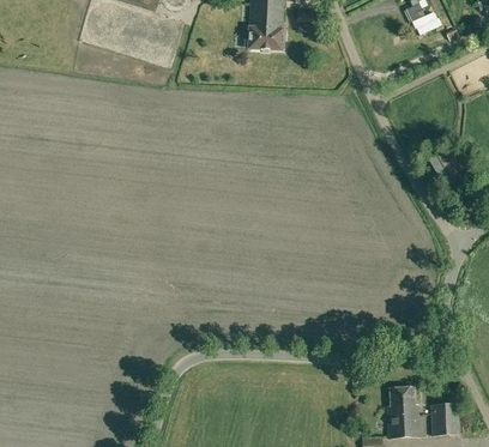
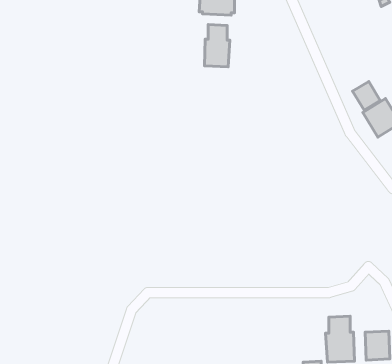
building: none -> [204,25,230,67]
building: none -> [353,82,380,110]

